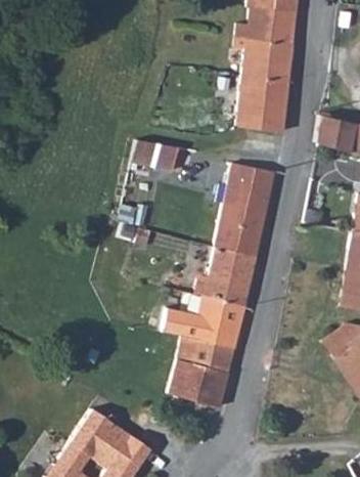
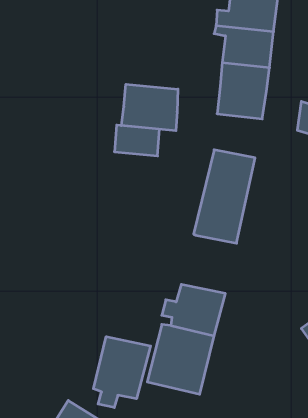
building: none -> [121,84,178,131]
building: [200,247,256,305] -> none
building: none -> [93,337,151,408]

